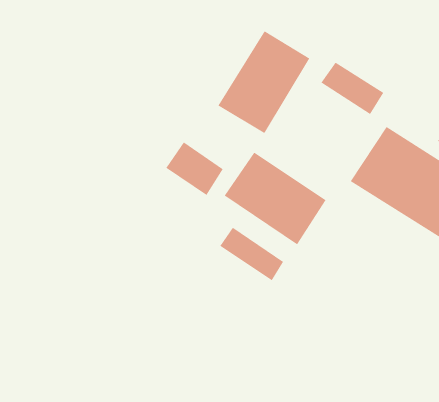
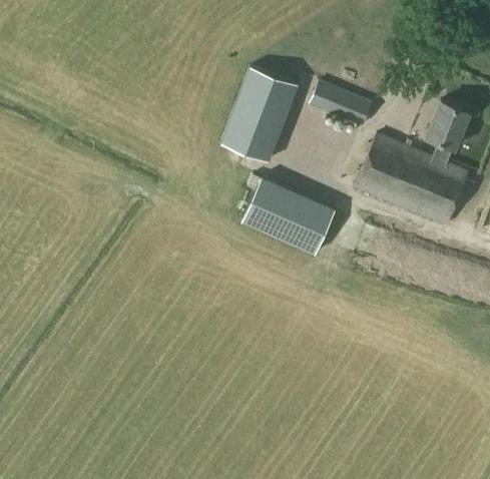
building: [165,141,223,196] -> none
building: [220,227,284,281] -> none

